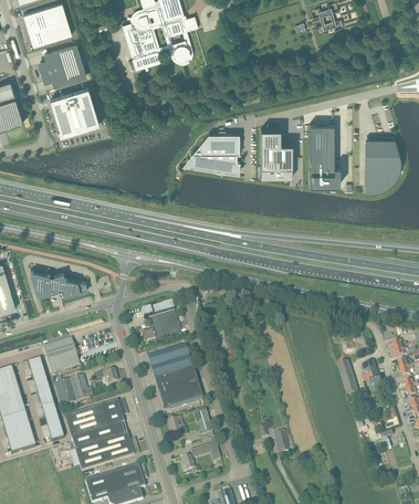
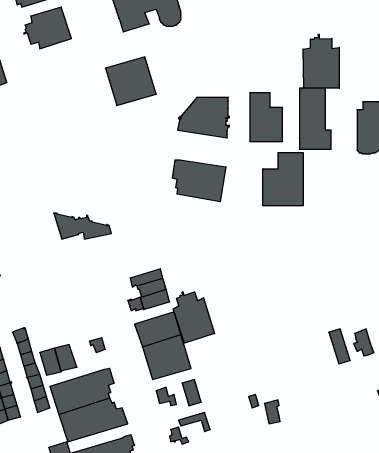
building: none -> [303,34,339,88]
building: [50,87,99,135] -> [105,57,156,106]
building: none -> [263,153,303,206]
building: none -> [172,160,226,202]
building: [30,271,86,296] -> [54,213,111,239]
building: none -> [173,292,215,343]
building: [43,338,80,374] -> none

